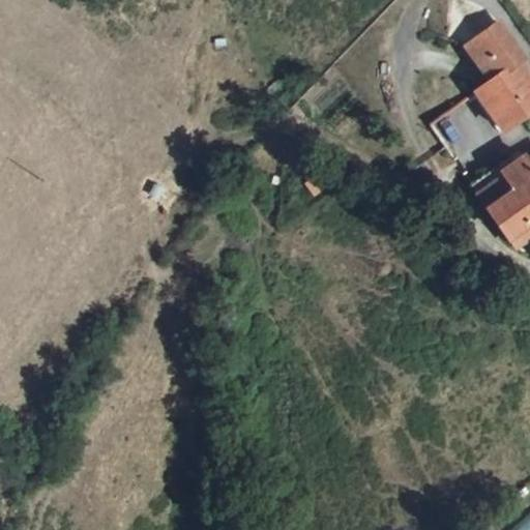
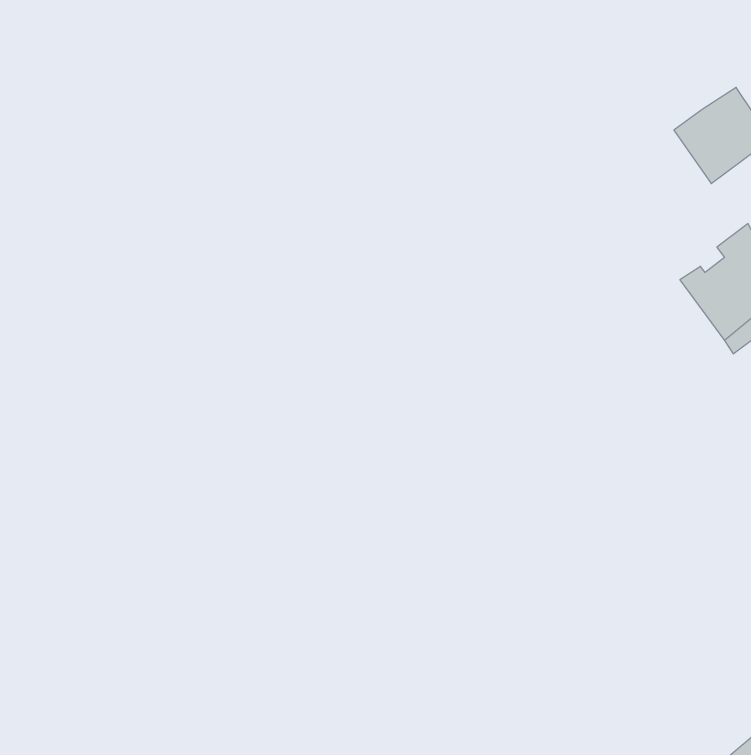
building: [470,23,519,78] -> none

